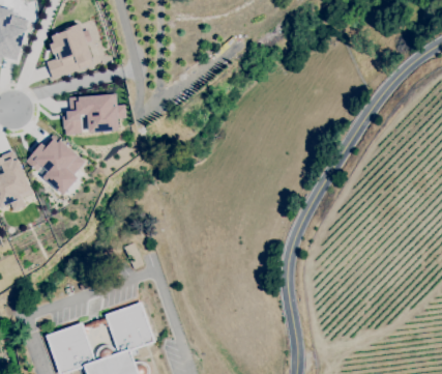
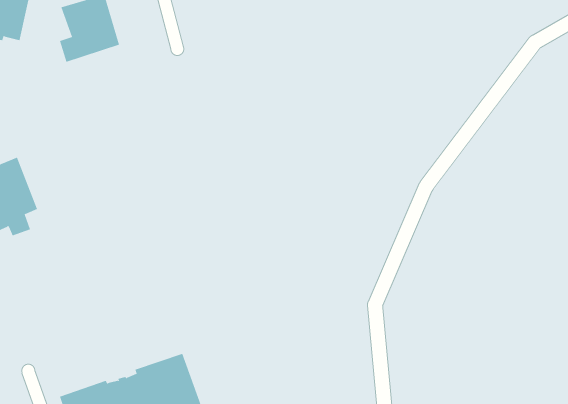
building: [63,94,118,134] -> none
building: [25,136,85,195] -> none

